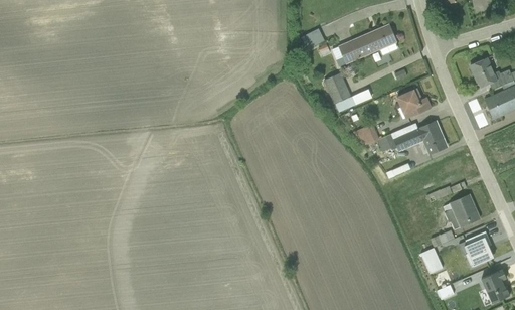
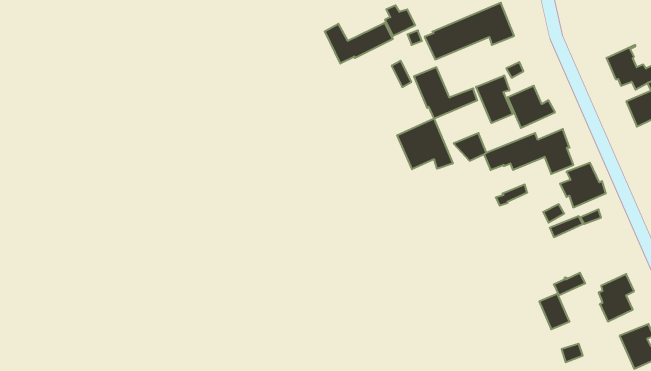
building: none -> [325,23,393,64]
building: none -> [476,75,513,123]
building: none -> [397,119,453,169]
building: [445,195,480,229] -> [560,163,606,207]

